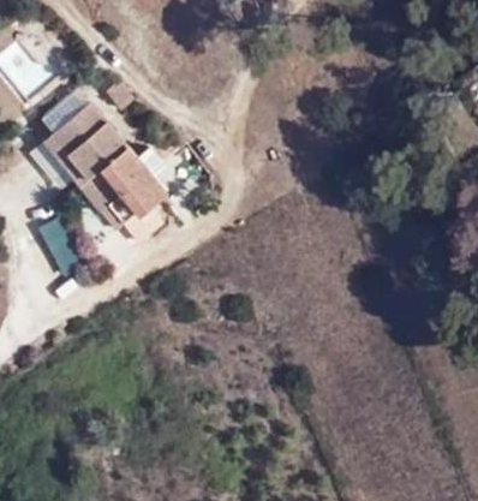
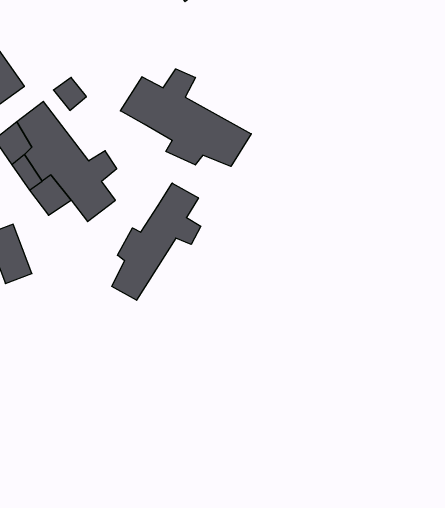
building: none -> [120,69,251,166]
building: none -> [112,183,201,300]

